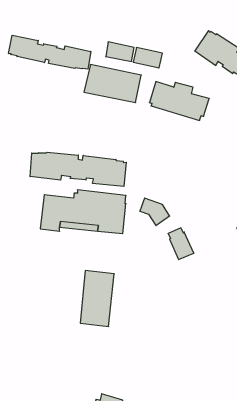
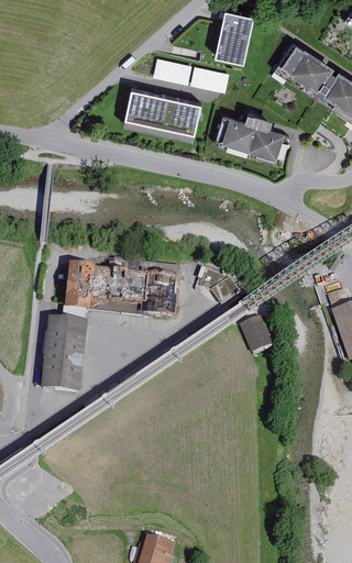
building: none -> [213,9,253,63]
building: [9,35,91,69] -> none
building: [30,152,126,186] -> none
building: [80,271,114,326] -> [41,320,87,396]

